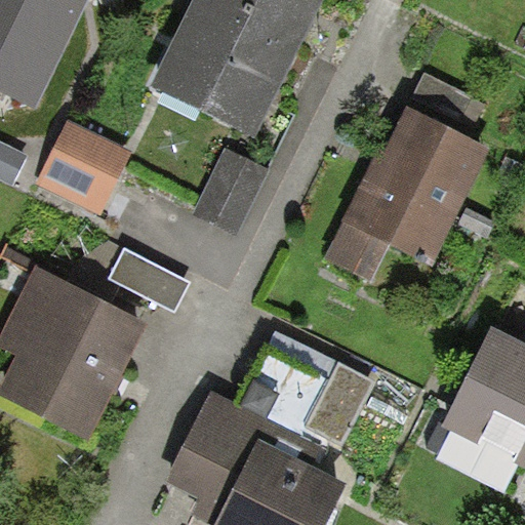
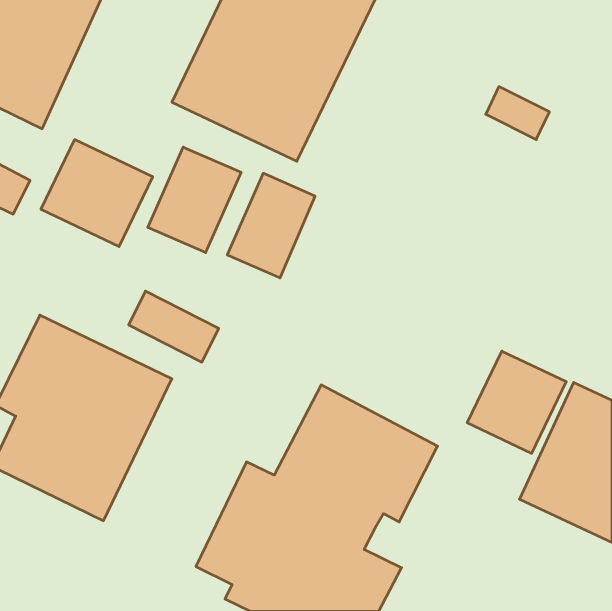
building: [328,109,489,280] -> none
building: none -> [148,147,241,253]
building: none -> [467,351,566,453]

